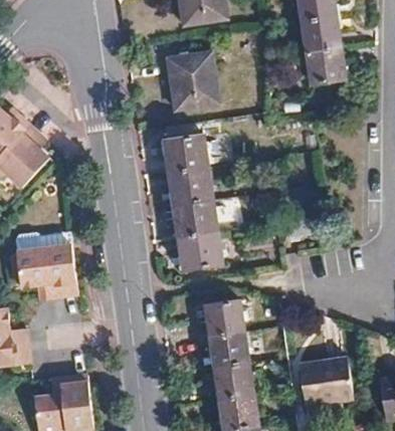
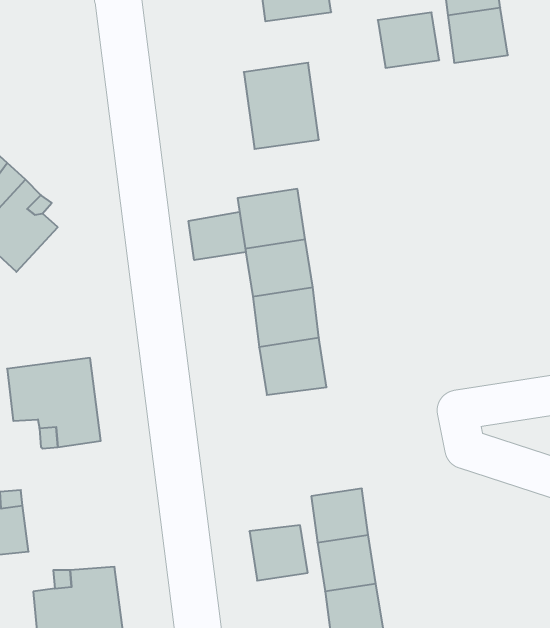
building: [306,47,346,83] -> [378,12,439,68]
building: none -> [189,212,246,260]
building: [207,299,245,336] -> [249,525,308,581]
building: [302,358,352,404] -> none

